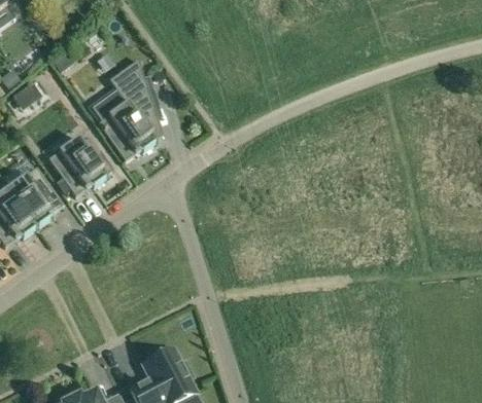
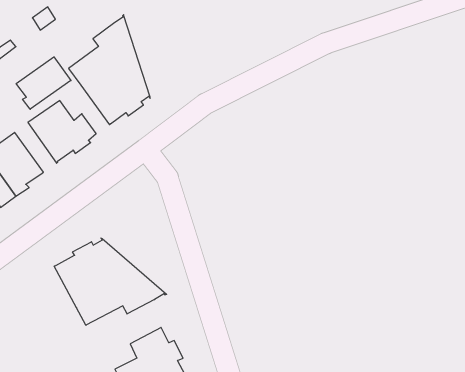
building: none -> [16,57,71,109]
building: none -> [54,238,167,325]

